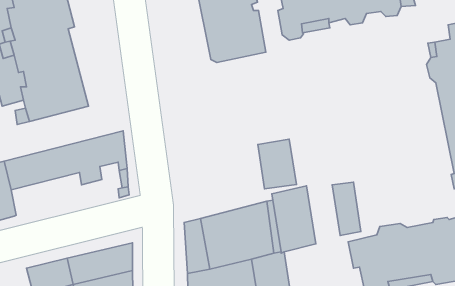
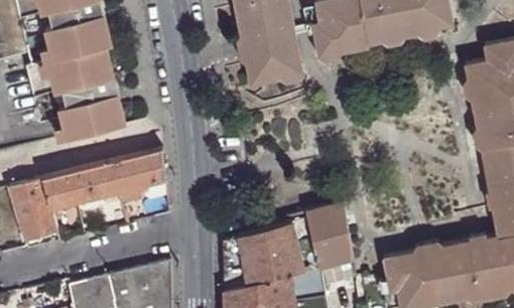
building: [258,139,296,189] -> none
building: [332,182,361,235] -> none

